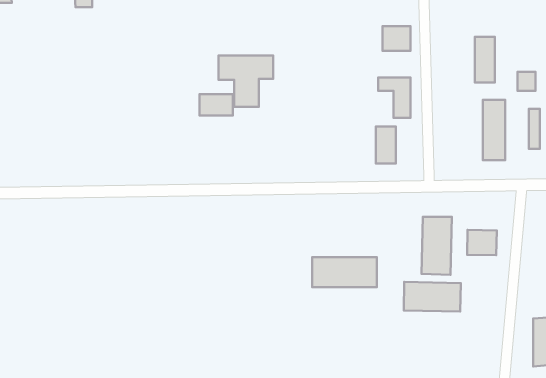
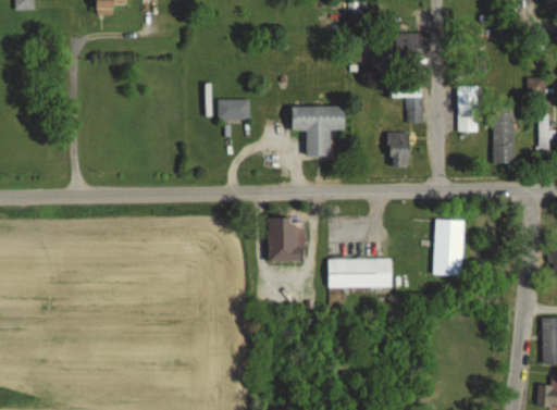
building: [475,37,495,82] -> [459,87,479,132]
building: [219,55,273,107] -> [292,108,345,158]
building: none -> [268,218,301,262]
building: [467,230,497,255] -> none
building: [404,282,461,311] -> none

